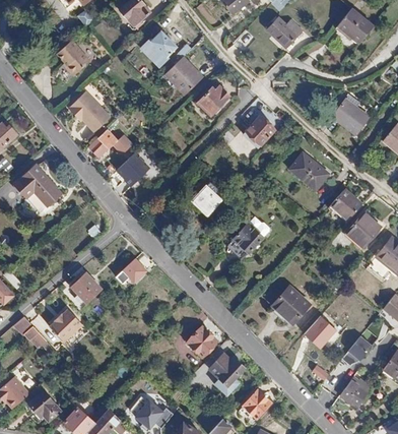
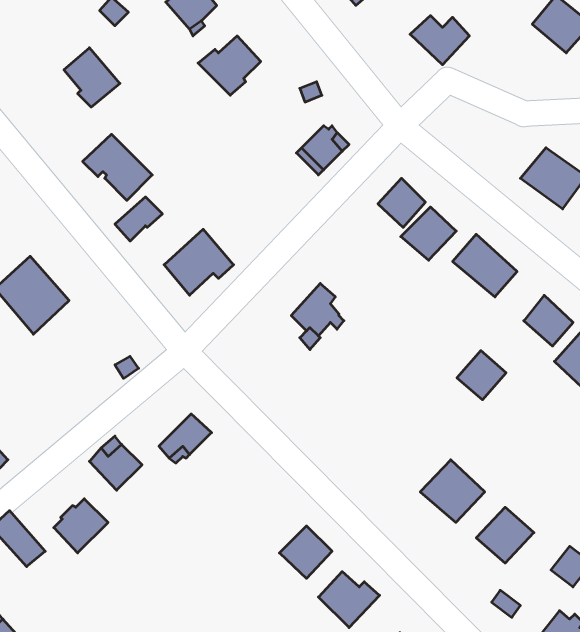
building: [164,57,201,95] -> none
building: none -> [401,207,456,260]
building: [231,220,261,249] -> [457,351,506,400]

